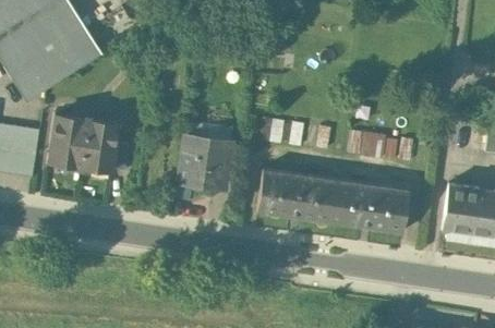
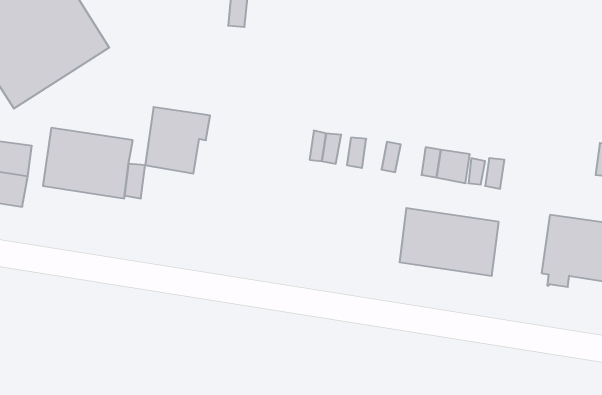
building: [179,134,230,186] -> [145,107,210,174]
building: [255,168,335,221] -> none

